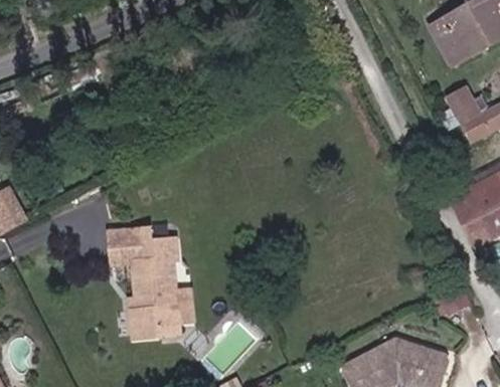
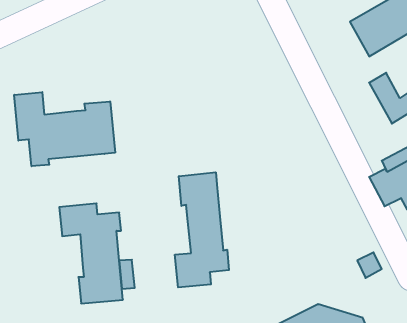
building: none -> [14,92,115,166]
building: none -> [175,172,229,287]

